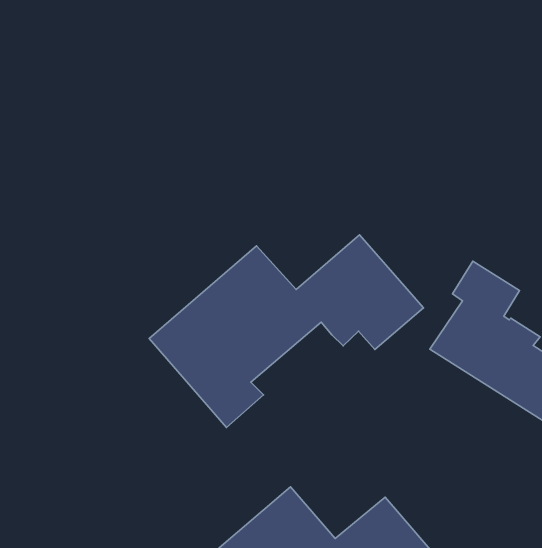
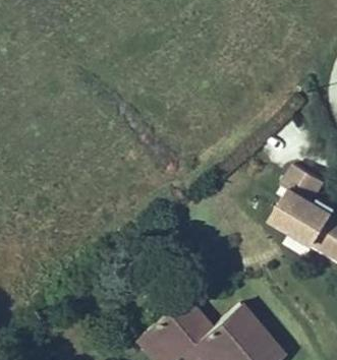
building: [149,235,423,428] -> none

